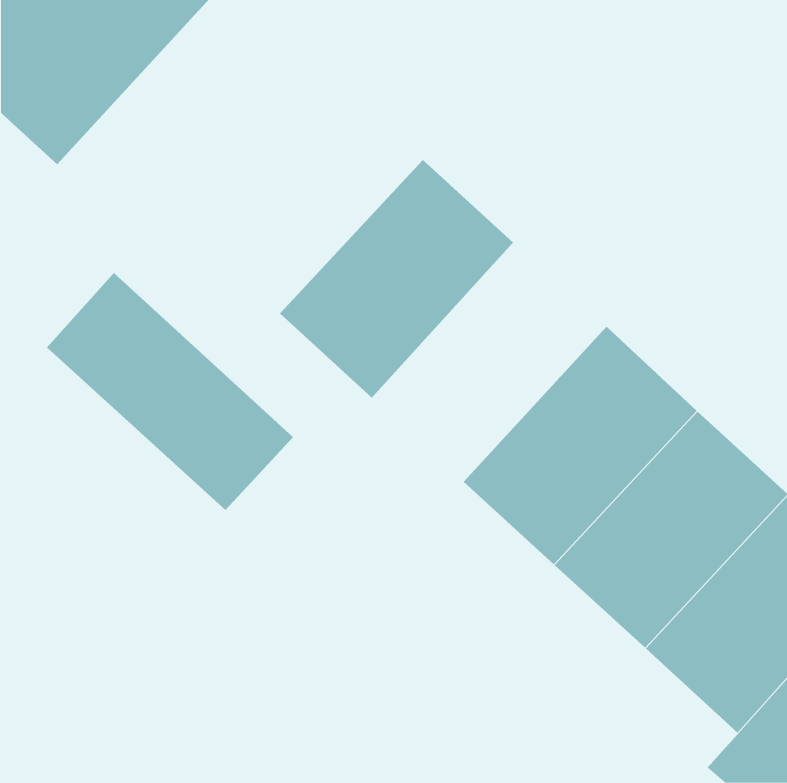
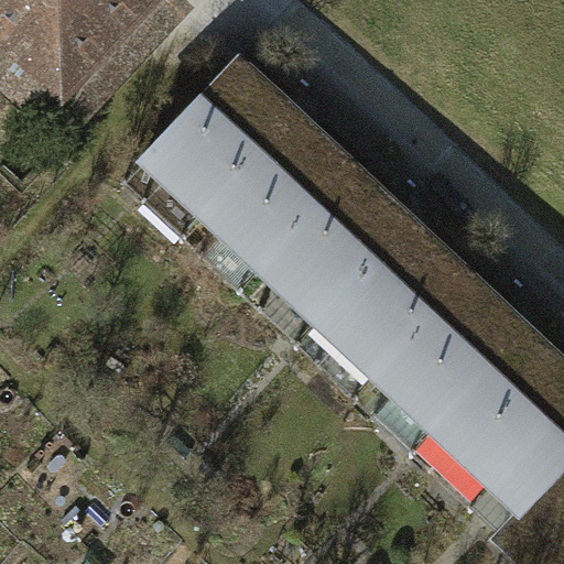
building: none -> [135,53,303,224]
building: none -> [267,173,434,344]
building: [46,272,294,511] -> none

